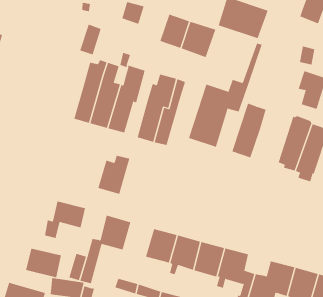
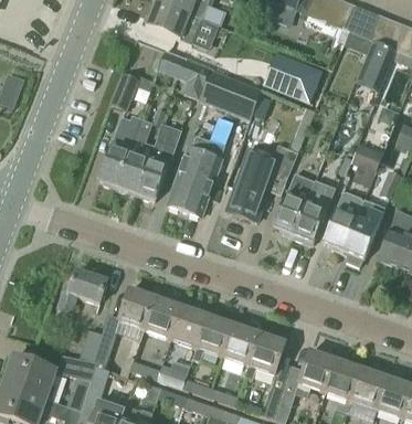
building: none -> [177,59,210,98]
building: none -> [293,180,334,243]
building: [98,155,130,195] -> [144,294,182,338]
building: [25,248,61,278] -> none

